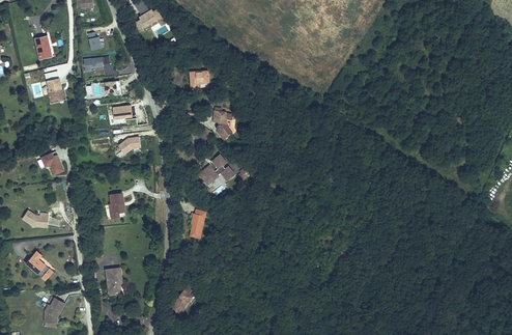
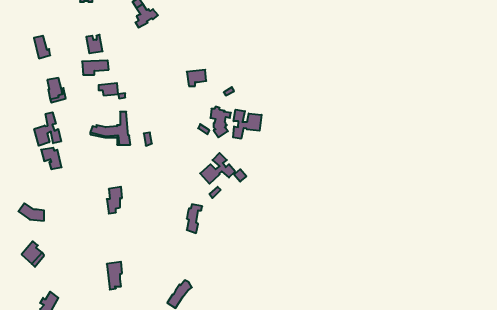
building: none -> [233,110,262,139]
building: none -> [34,112,61,146]

